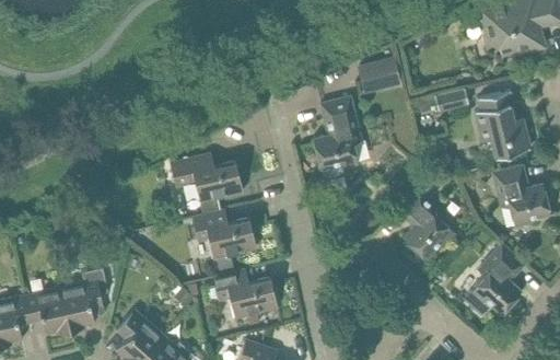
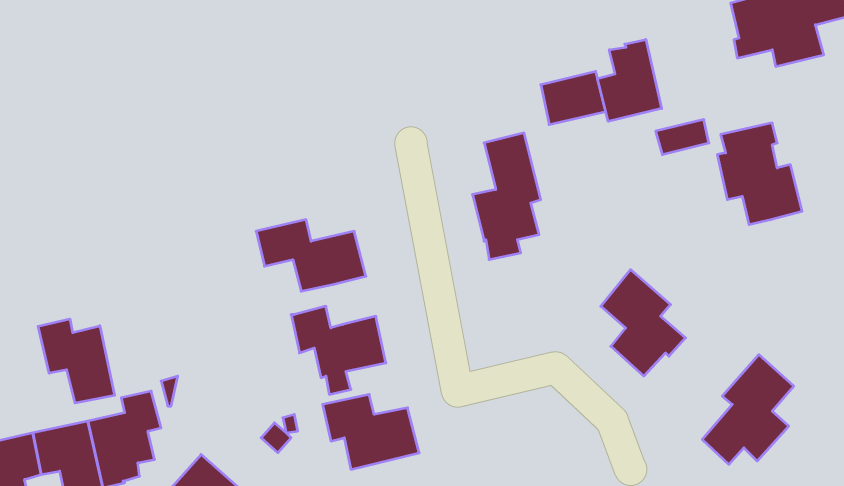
building: none -> [598,39,662,121]
building: [491,166,549,227] -> none
building: none -> [38,319,115,403]

